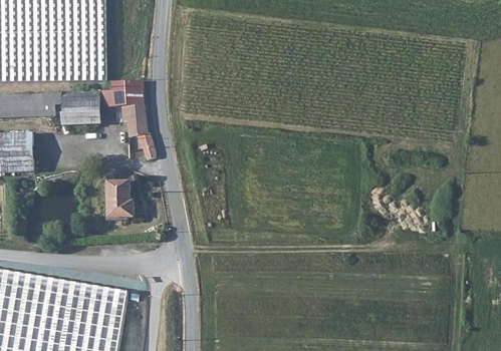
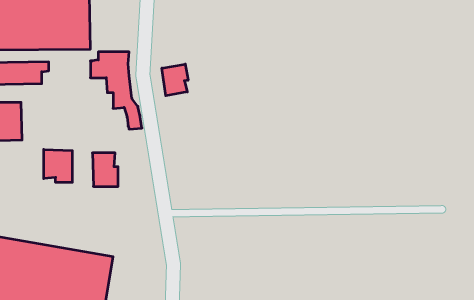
building: [61,91,99,126] -> none
building: none -> [162,64,188,96]
building: none -> [44,149,72,182]

